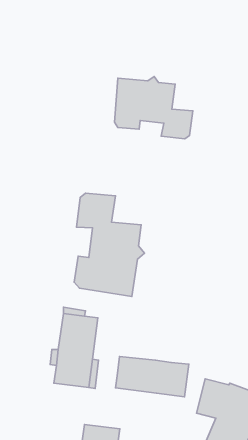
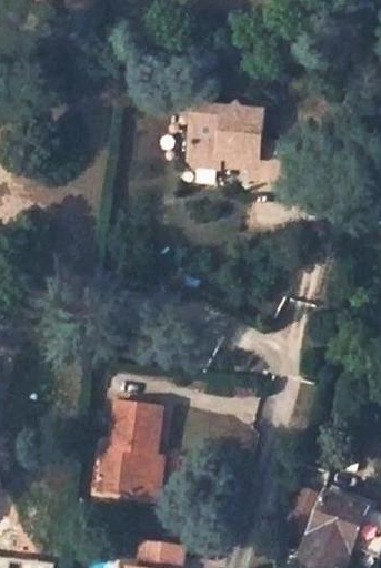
building: [74,193,144,297] -> none
building: [116,356,189,397] -> none

